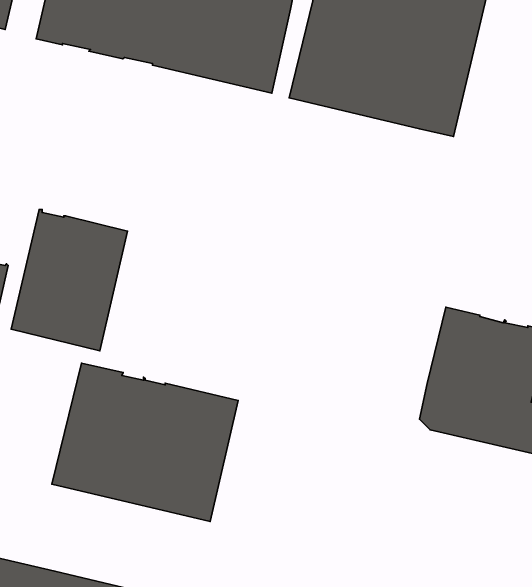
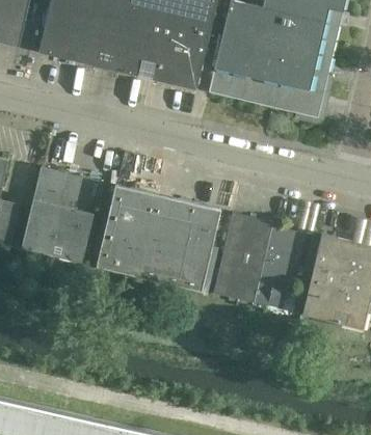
building: none -> [212,212,299,305]
building: [52,363,238,521] -> [95,184,219,290]

